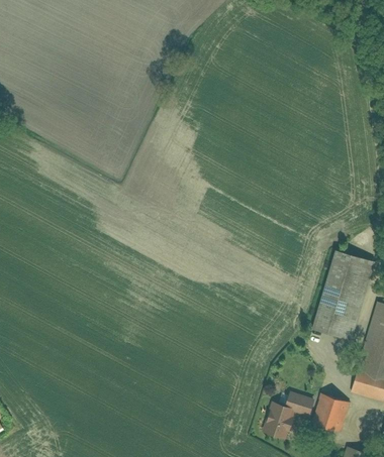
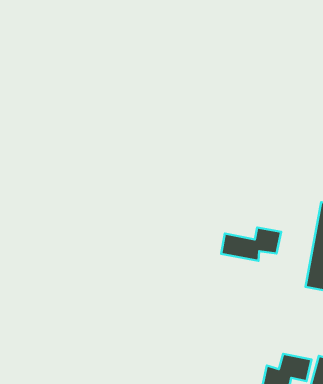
building: none -> [221,228,281,261]

